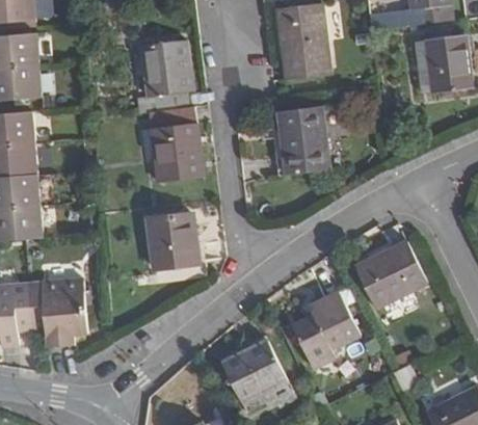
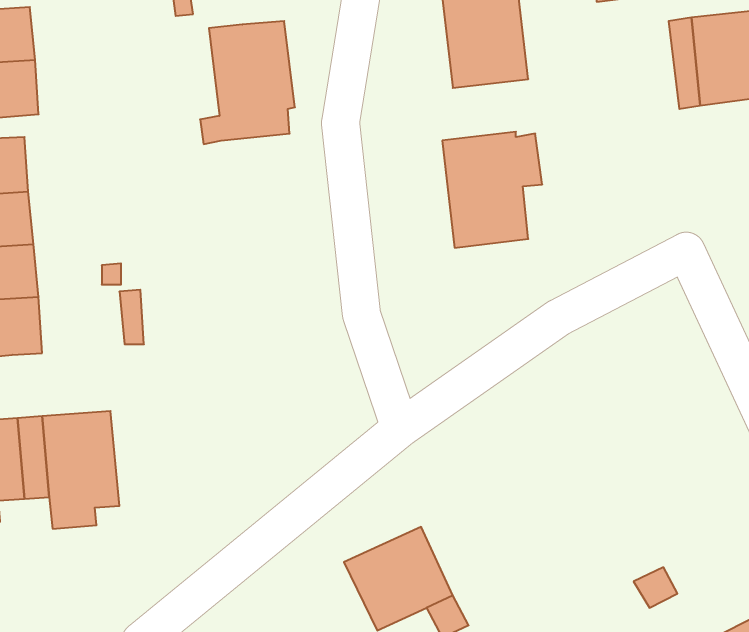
building: [149,107,203,183] -> none
building: [147,214,200,270] -> none
building: [356,242,426,307] -> none
building: [292,292,357,368] -> none

